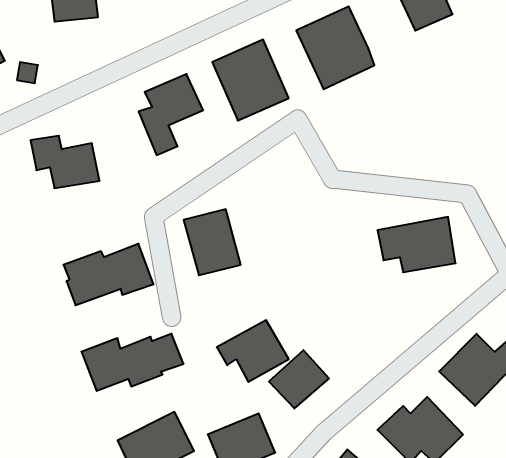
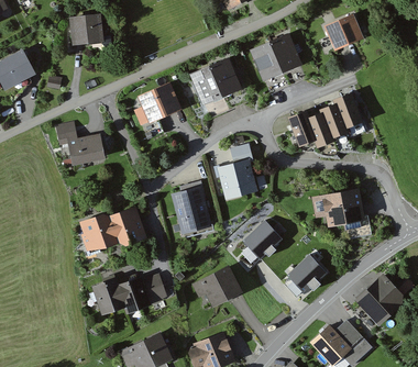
building: none -> [285,88,361,144]
building: none -> [213,142,261,203]
building: none -> [238,216,278,256]
building: [269,350,329,409] -> [282,249,326,292]

